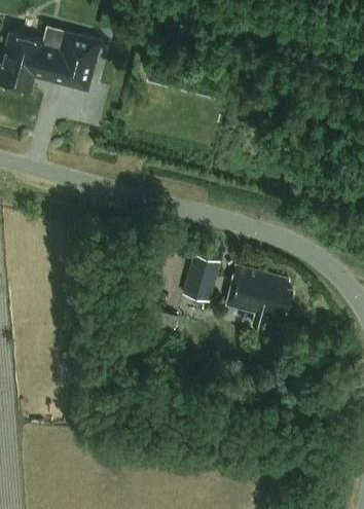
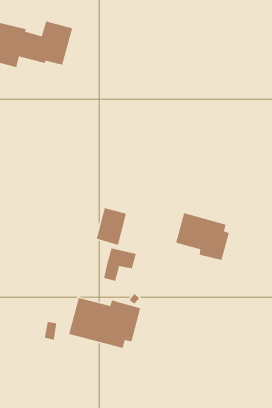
building: [180,257,218,304] -> [96,207,127,246]
building: none -> [68,297,141,349]

